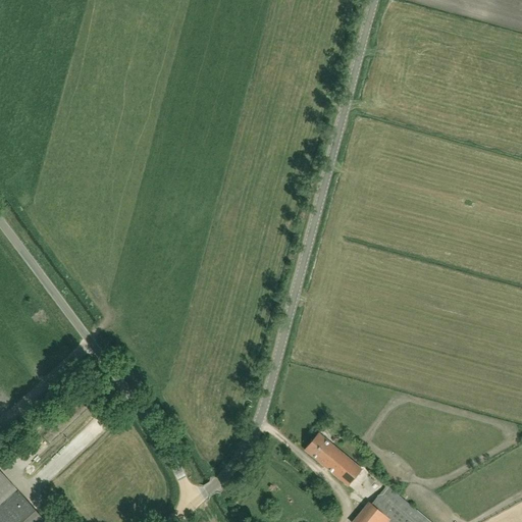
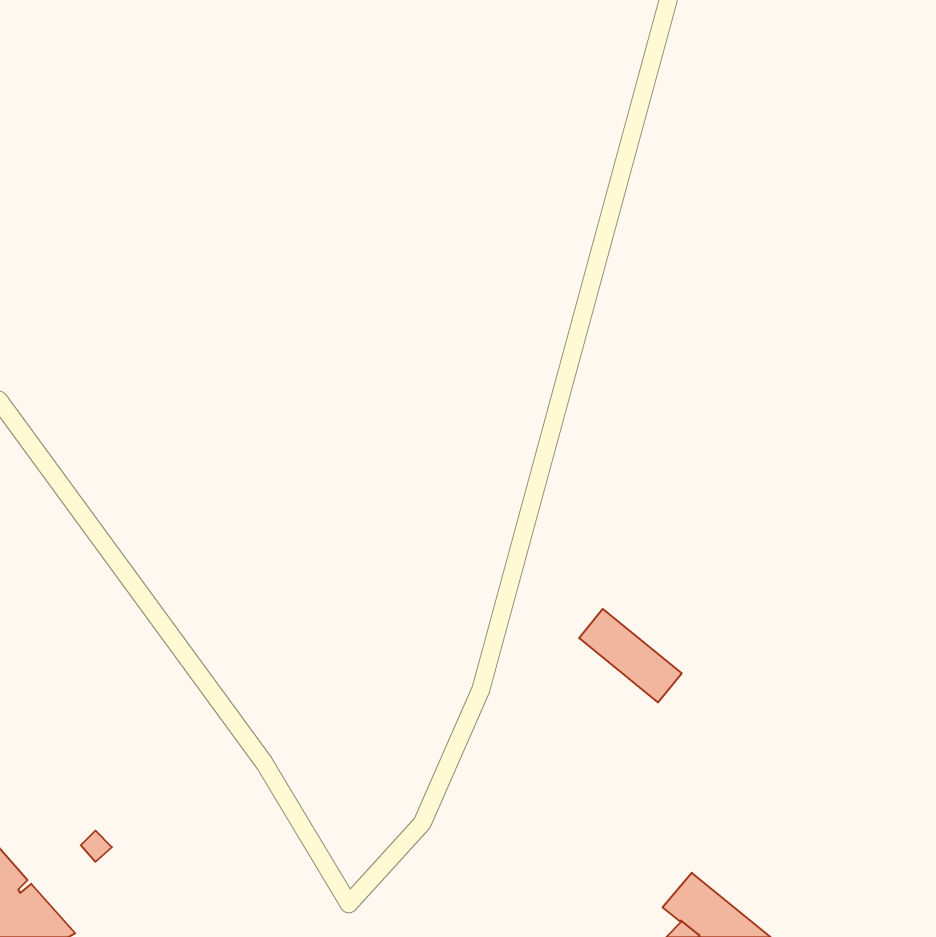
building: [304,434,361,486] -> [579,609,682,702]

